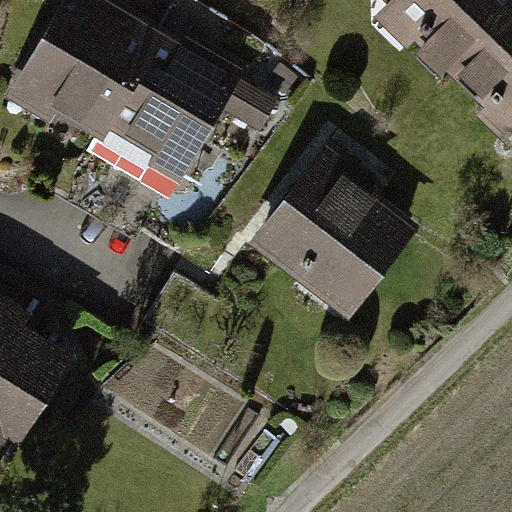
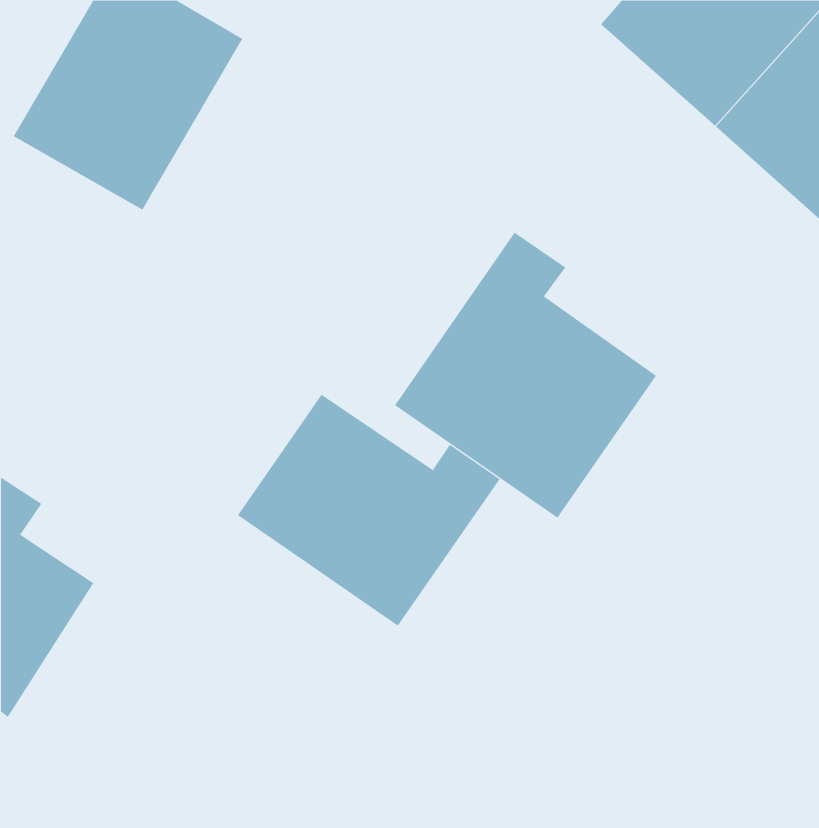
building: [94,24,236,177] -> none
building: none -> [237,394,500,627]

